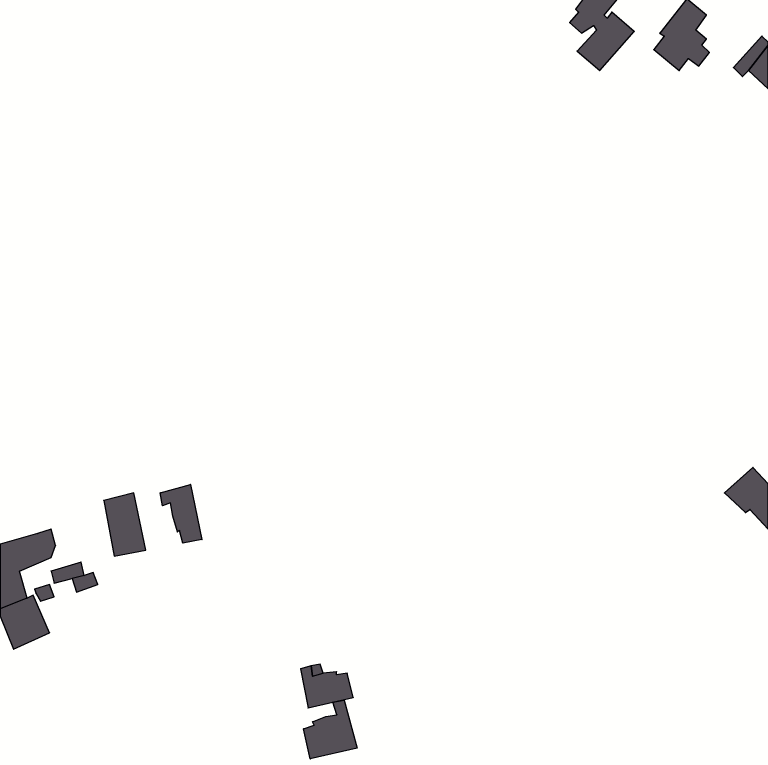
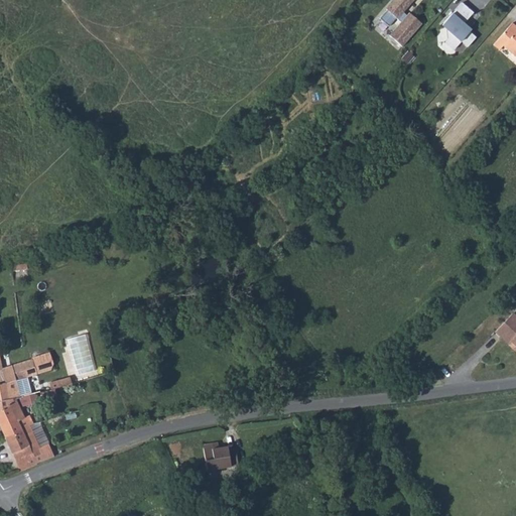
building: [160,484,202,543] -> none
building: none -> [9,424,43,467]
building: [304,700,357,759] -> none

